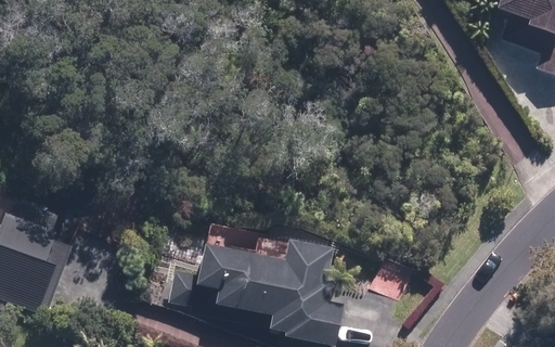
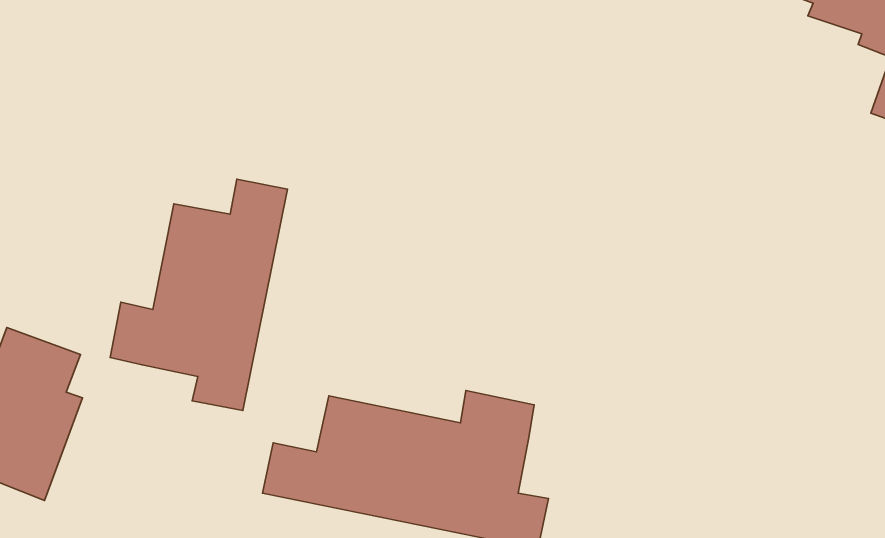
building: none -> [110,179,288,411]

